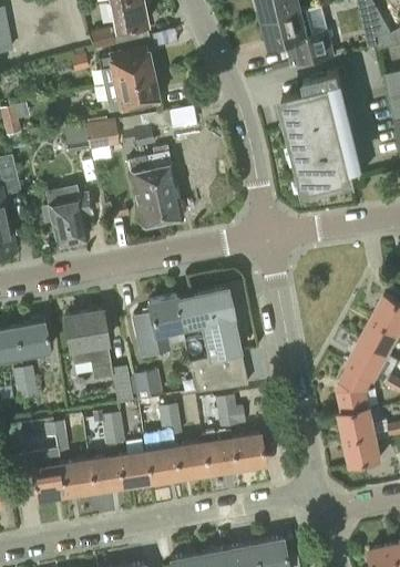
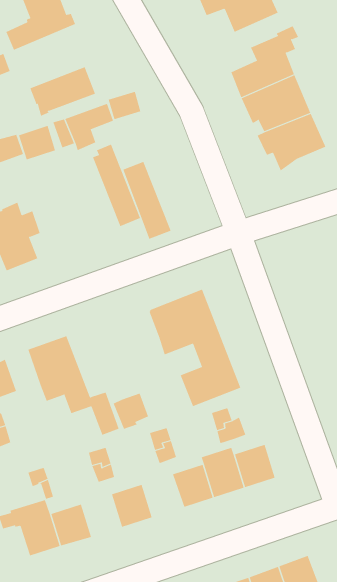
building: [98,50,155,86] -> none
building: [129,156,163,226] -> [123,161,171,239]
building: [129,297,187,362] -> none
building: [146,447,180,483] -> none
building: [90,456,122,492] -> none

